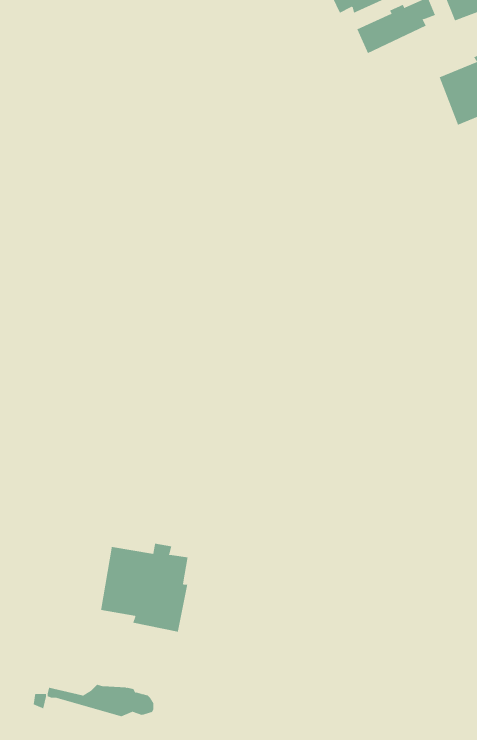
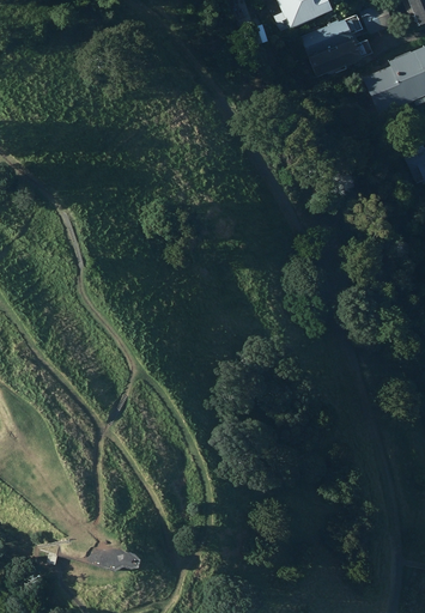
building: none -> [306,38,370,80]
building: [101,543,188,632] -> none

